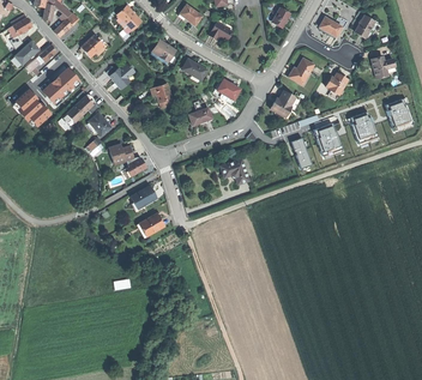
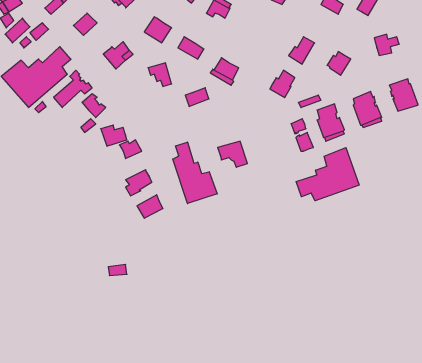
building: none -> [173,142,217,204]
building: none -> [296,148,359,201]

